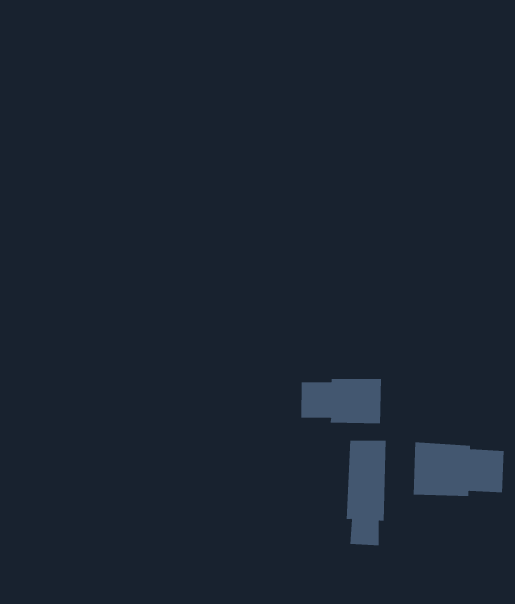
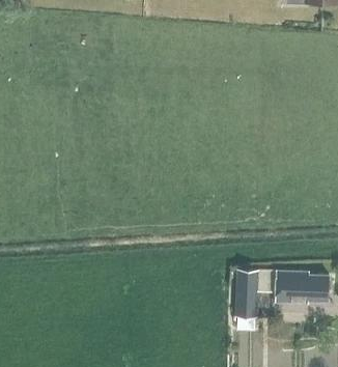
building: [301,378,381,424] -> none

